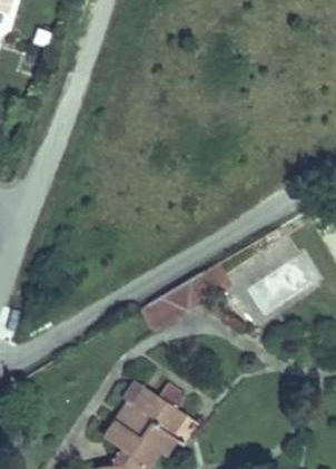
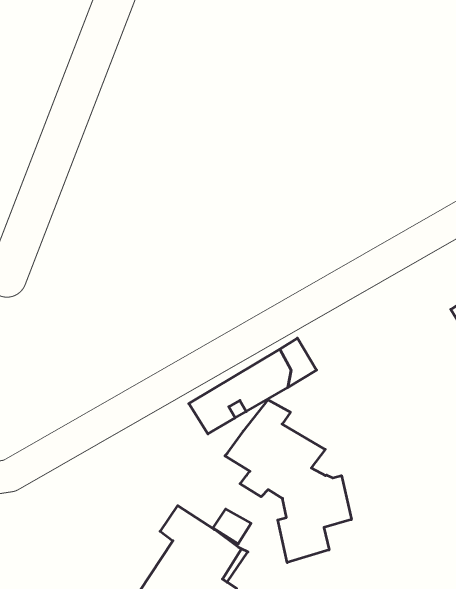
building: none -> [225,400,351,563]

